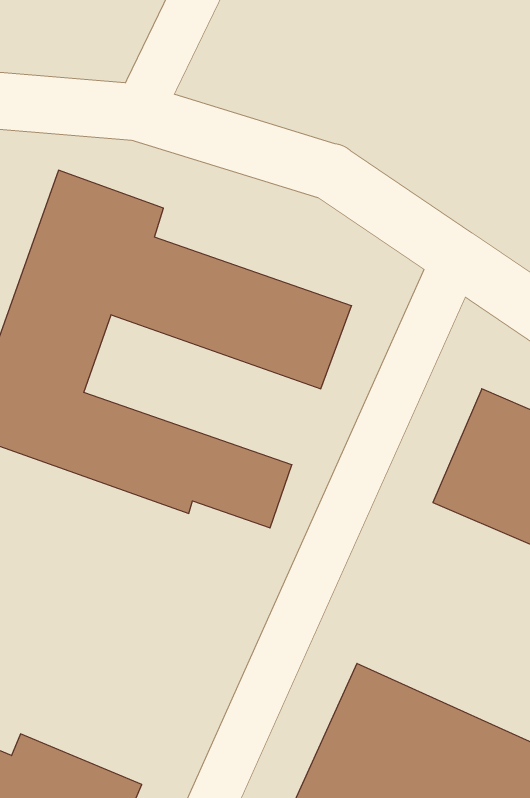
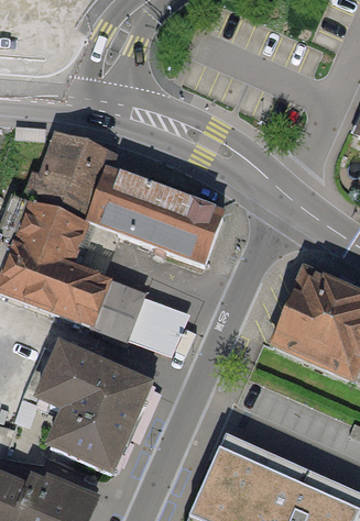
building: none -> [40,340,151,463]

